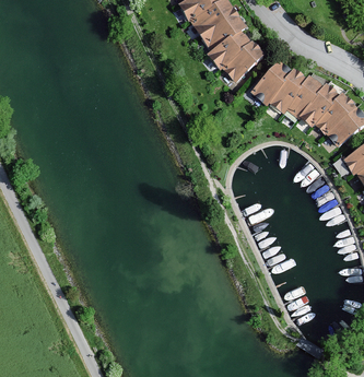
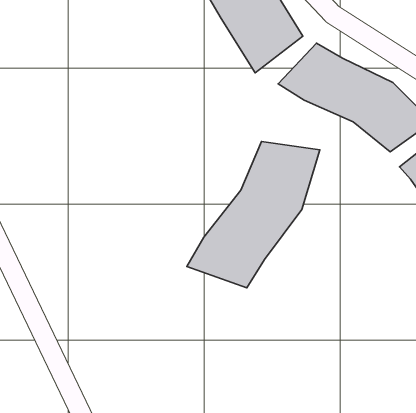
building: none -> [187,142,320,288]

